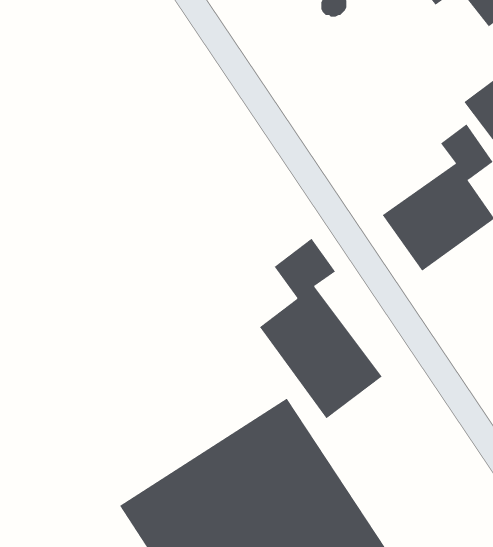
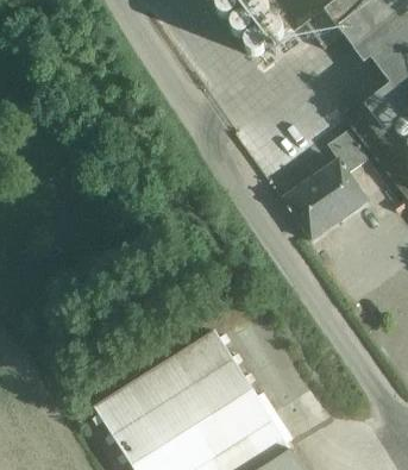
building: [259,238,382,419] -> none

